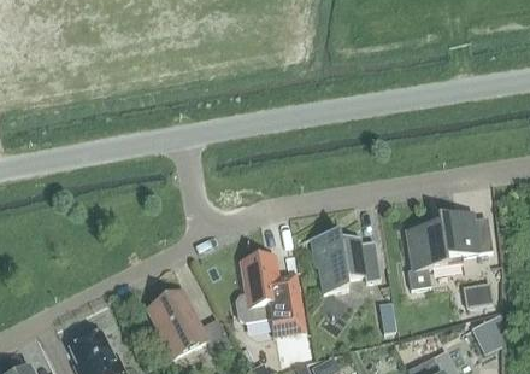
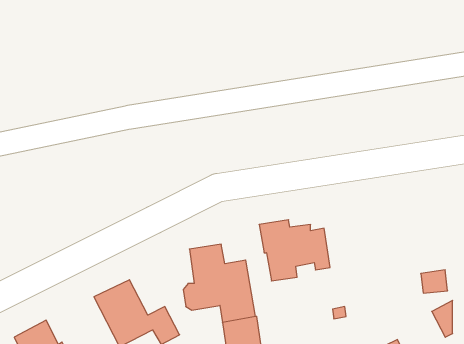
building: [406,211,477,290] -> none

